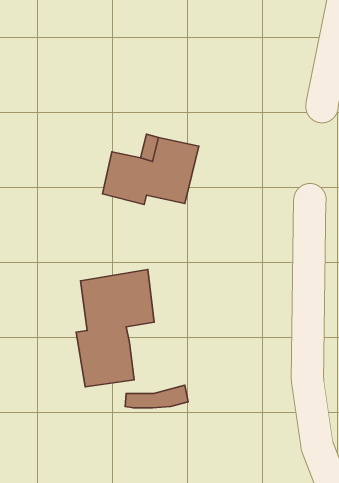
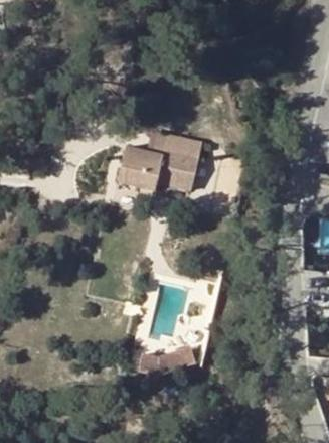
building: [76,270,154,387] -> none

